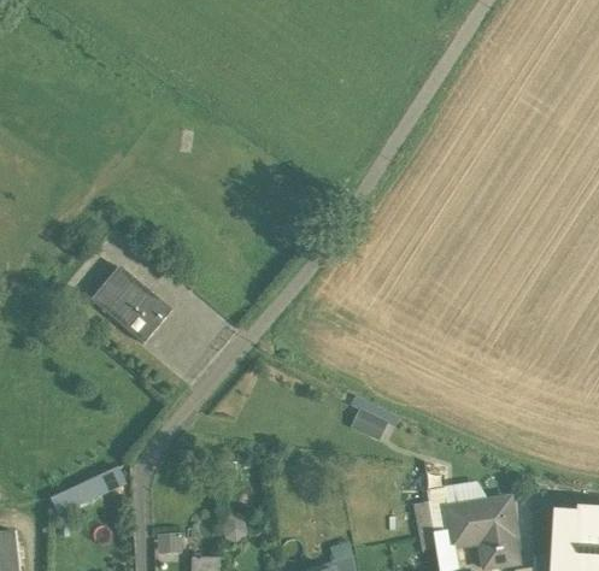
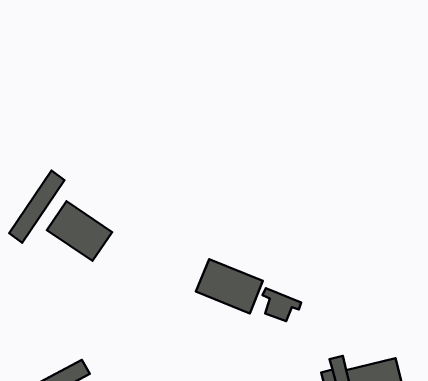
building: none -> [9,171,65,243]
building: none -> [196,259,263,313]

